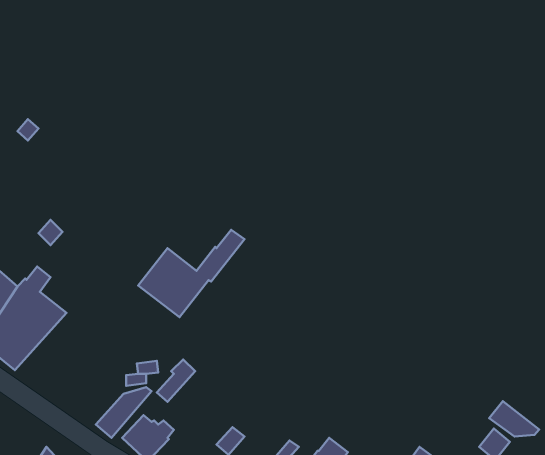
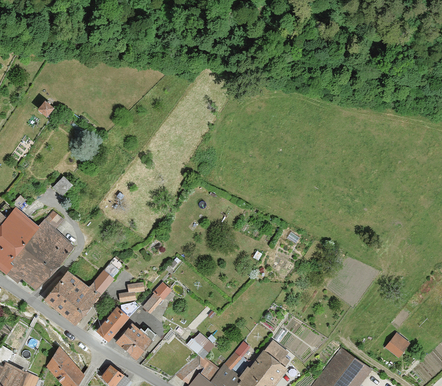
building: [138,230,244,317] -> [45,258,125,324]
building: [489,401,539,436] -> none

